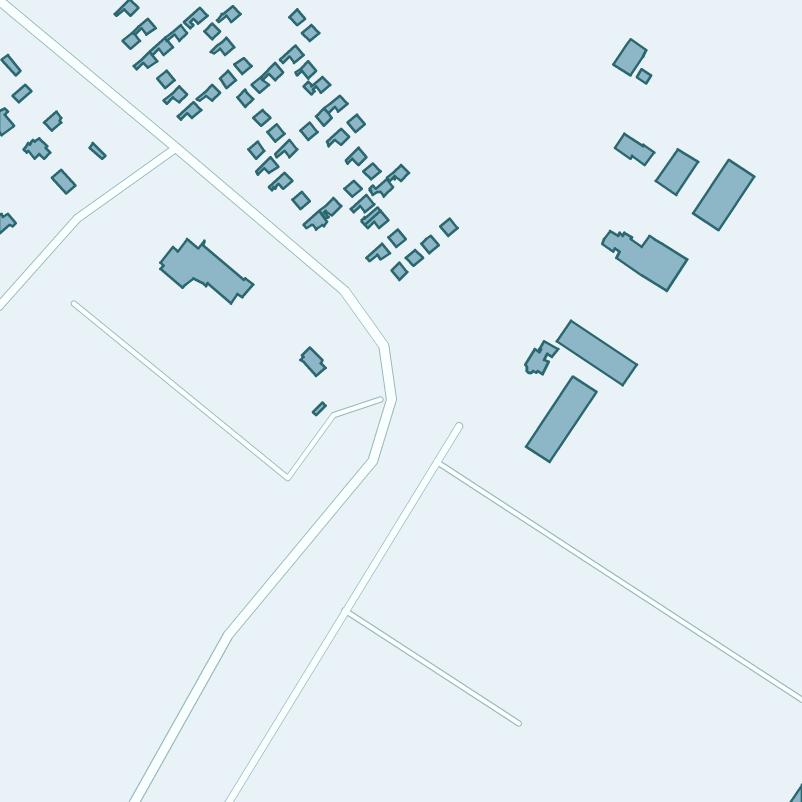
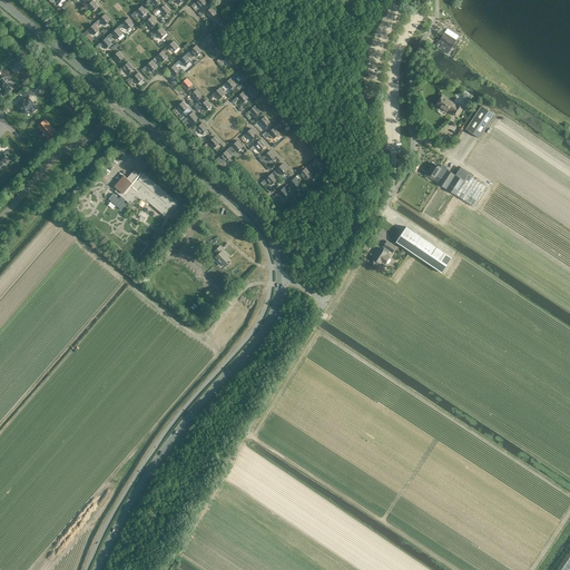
building: [693,160,754,230] -> none
building: [526,377,596,462] -> none

